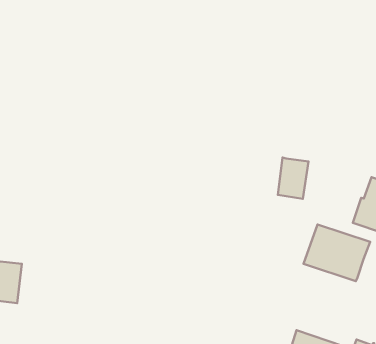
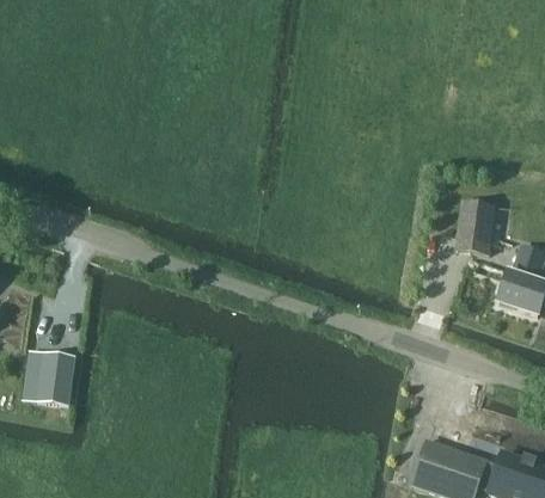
building: [278,158,309,199] -> [455,201,495,253]
building: [303,224,370,281] -> none

